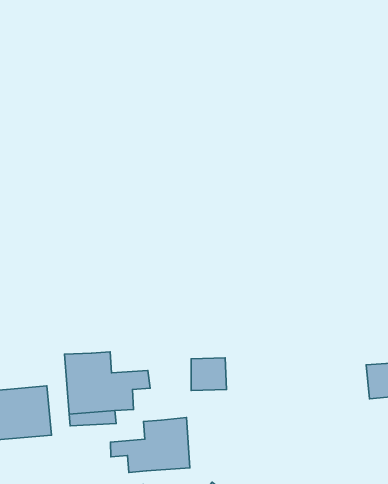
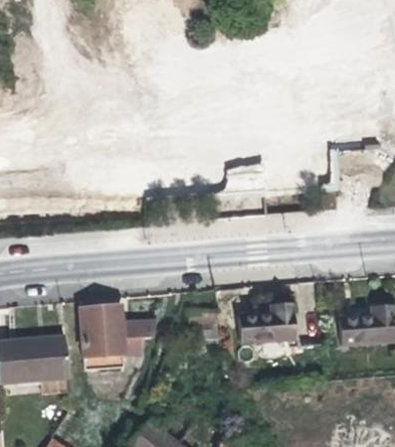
building: none -> [239,303,294,343]
building: [111,418,190,472] -> none

